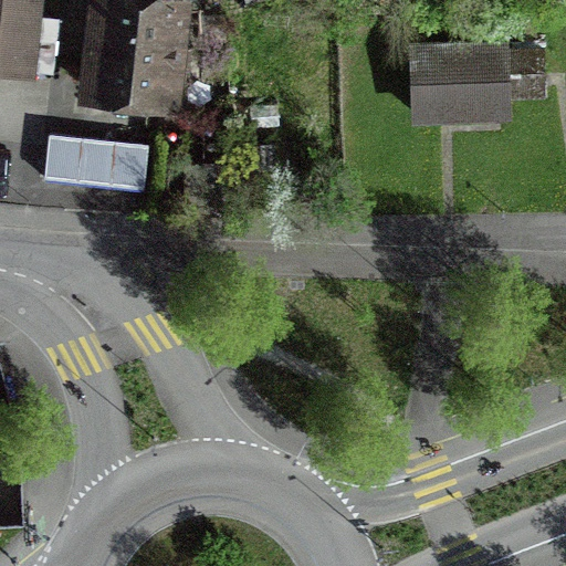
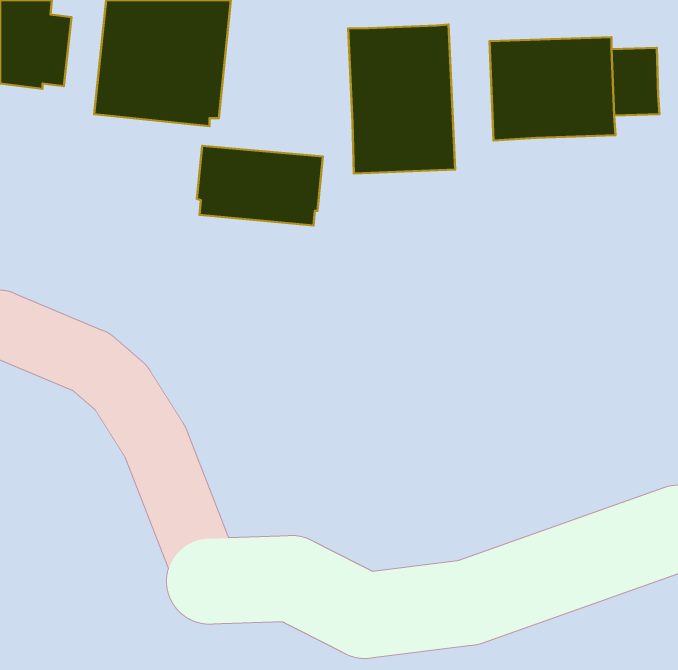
building: none -> [348,24,455,174]
building: [44,136,149,202] -> [197,146,323,225]

